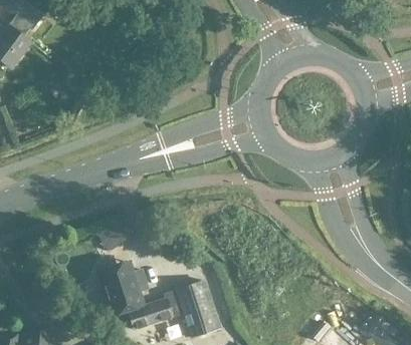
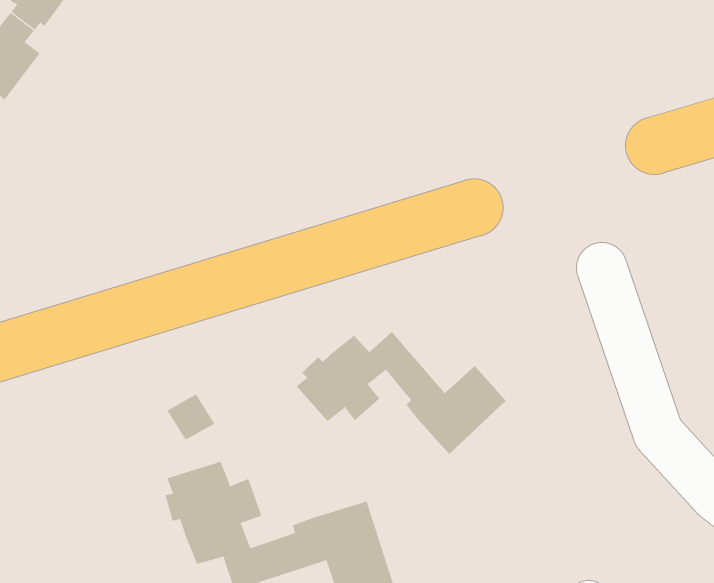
building: none -> [296,331,507,455]

